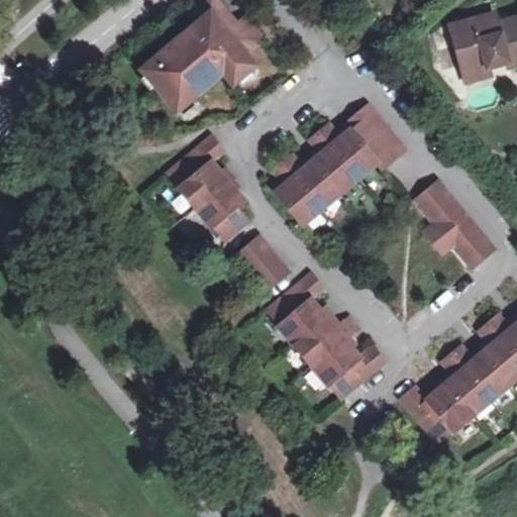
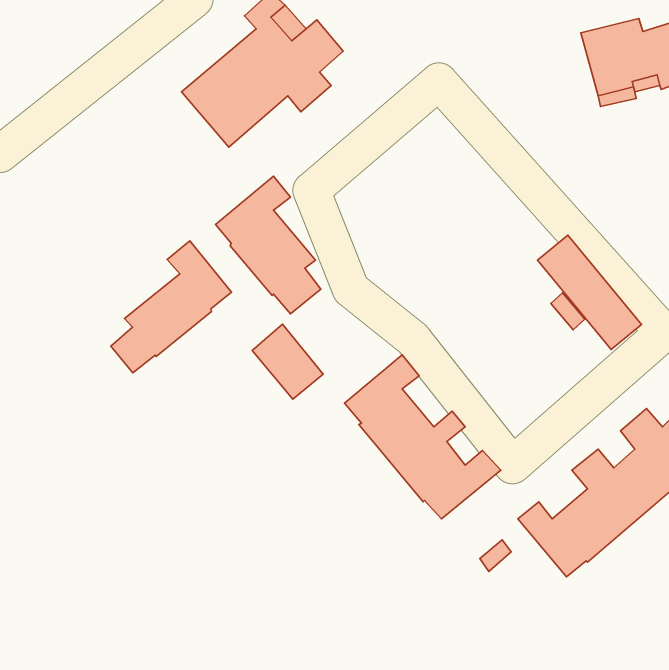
building: [273,104,407,225] -> none
building: none -> [111,241,231,373]
building: [235,232,290,290] -> [252,324,323,399]

